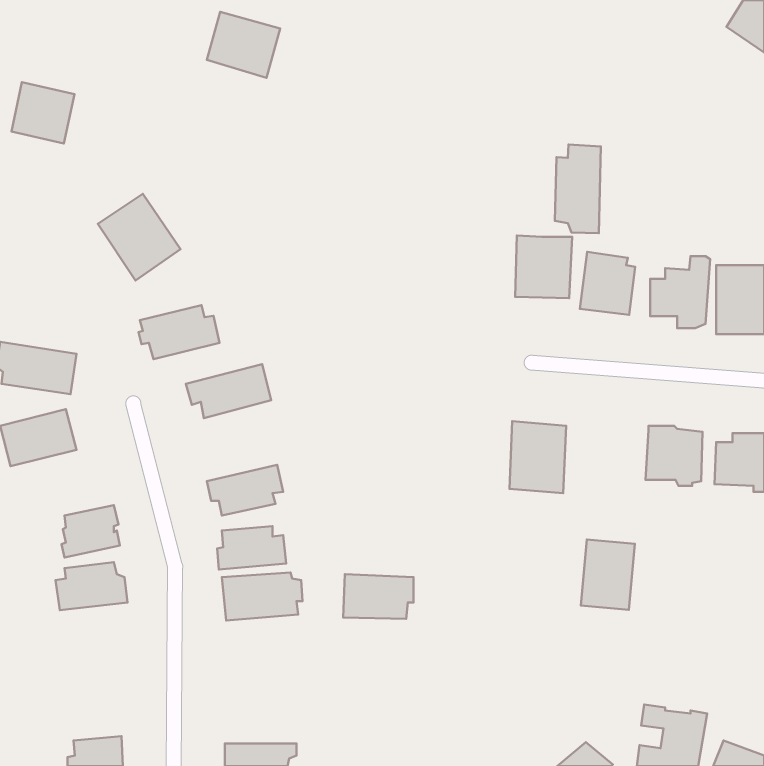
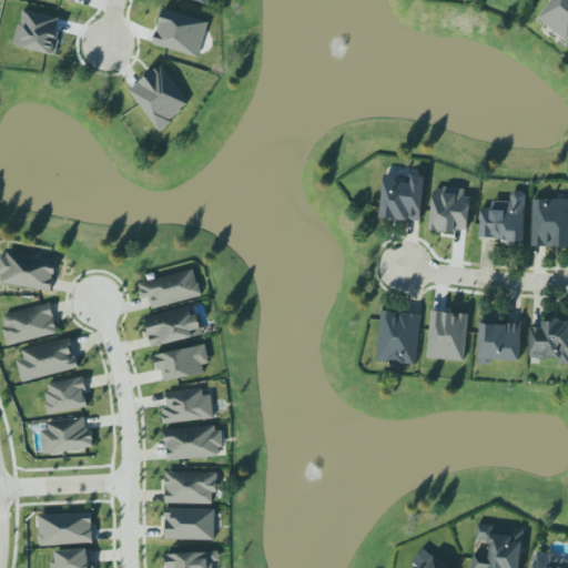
building: [11,82,74,144] -> [14,9,61,54]
building: [555,144,601,233] -> none
building: [98,194,180,281] -> [129,65,190,130]
building: [138,305,219,359] -> [144,304,204,344]
building: none -> [16,336,79,383]
building: [581,540,635,610] -> [426,308,466,361]
building: [343,574,414,619] -> [165,469,217,503]
building: none -> [165,508,215,540]
building: none -> [37,513,92,545]

